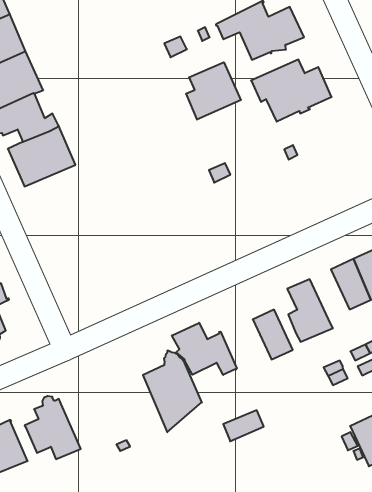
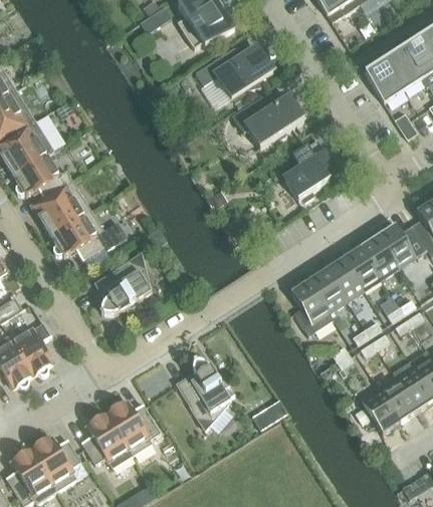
building: [186,62,241,120] -> none
building: none -> [283,140,332,200]
building: none -> [50,210,103,259]
building: none -> [93,252,150,312]
building: [253,310,293,359] -> [307,268,346,311]
building: [172,323,237,375] -> none
building: none -> [106,402,160,454]

